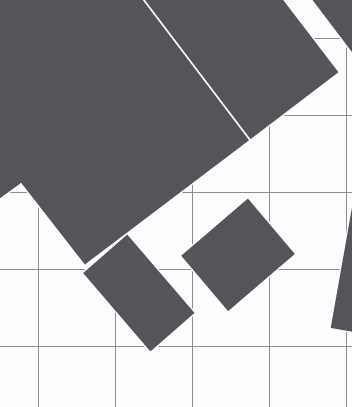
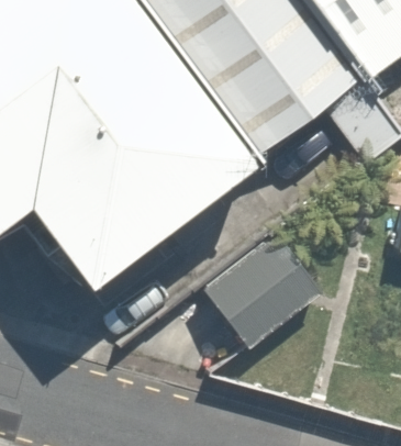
building: [82,233,196,352] -> none

